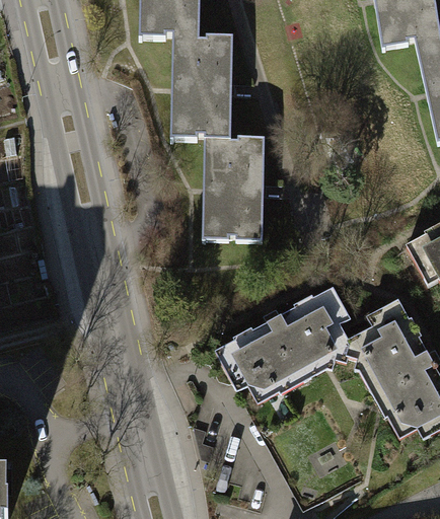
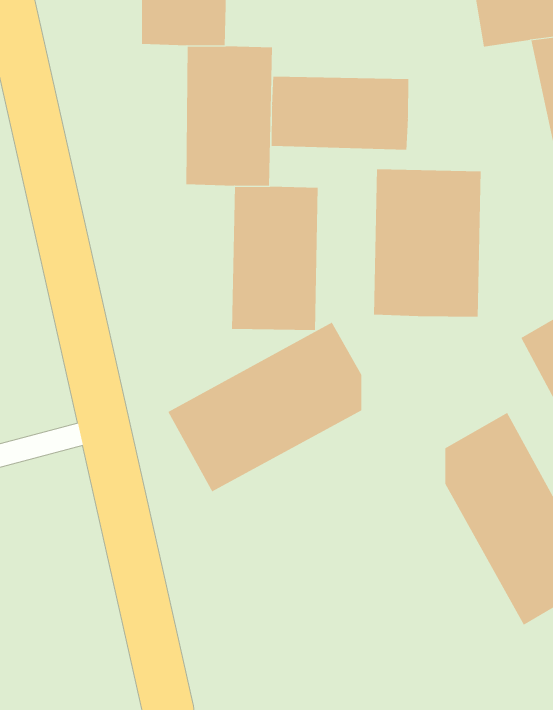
building: none -> [271,76,409,151]
building: none -> [373,169,481,318]
building: [216,286,354,406] -> [167,322,362,492]

